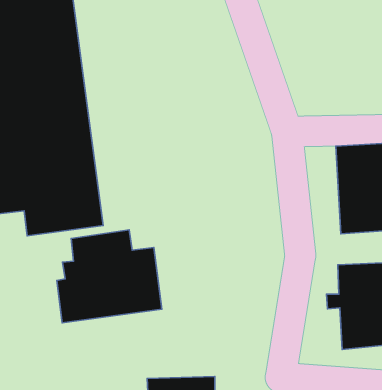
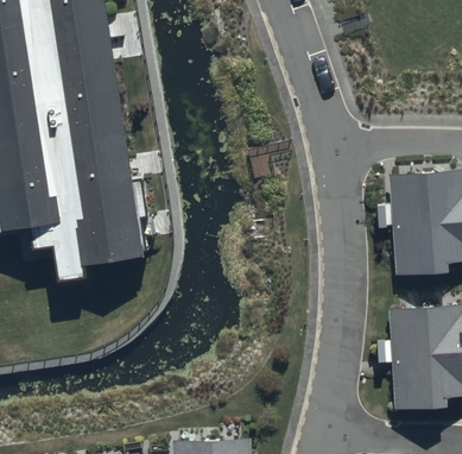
building: [57,230,162,323] -> none

